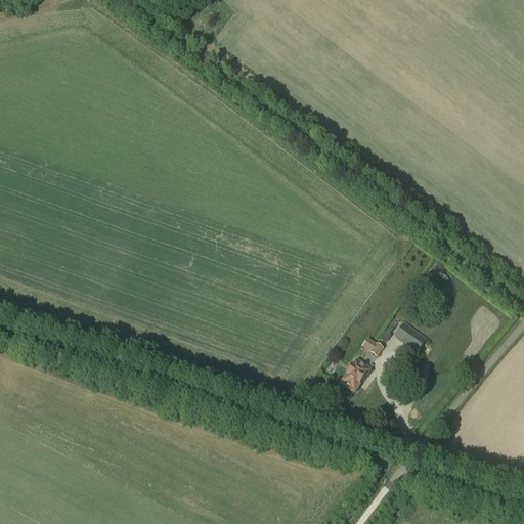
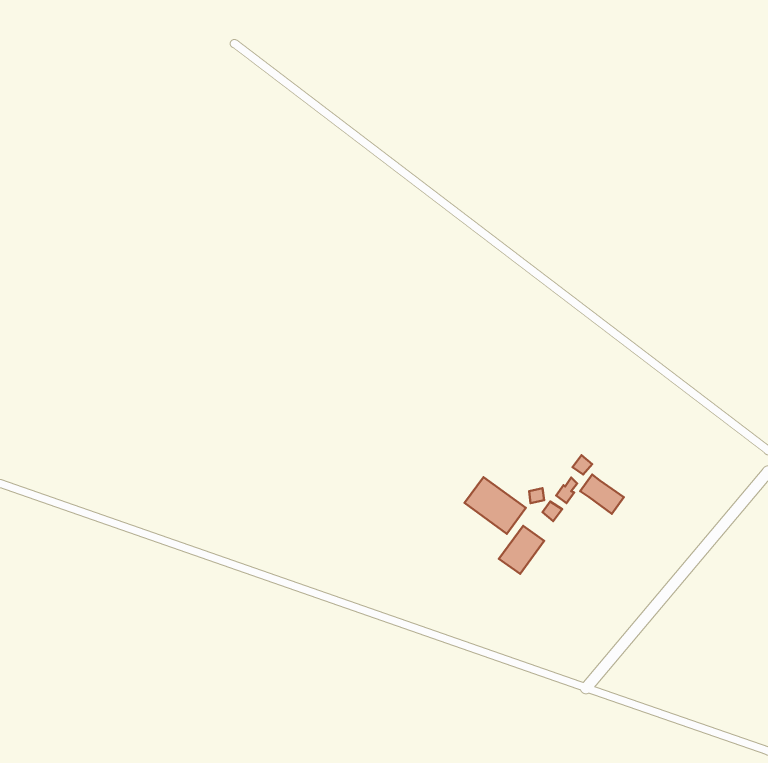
building: none -> [465,477,526,534]

